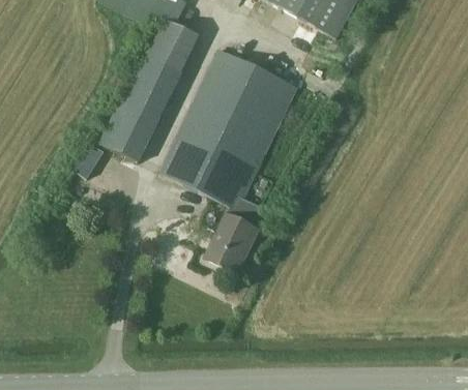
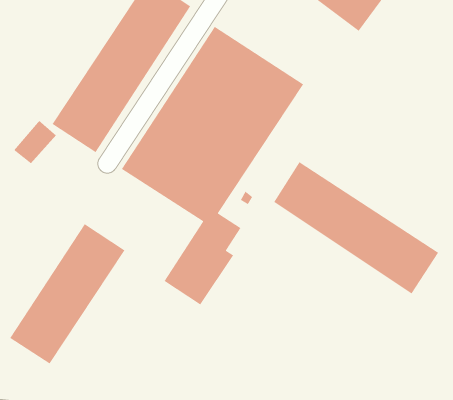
building: none -> [273,161,439,294]
building: none -> [9,223,126,364]

